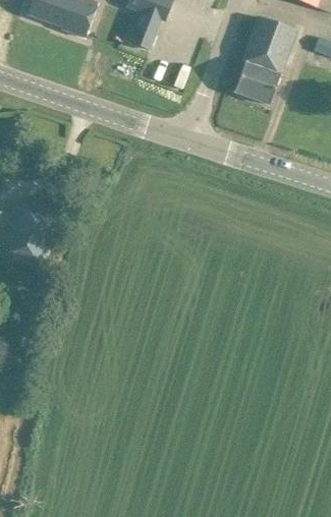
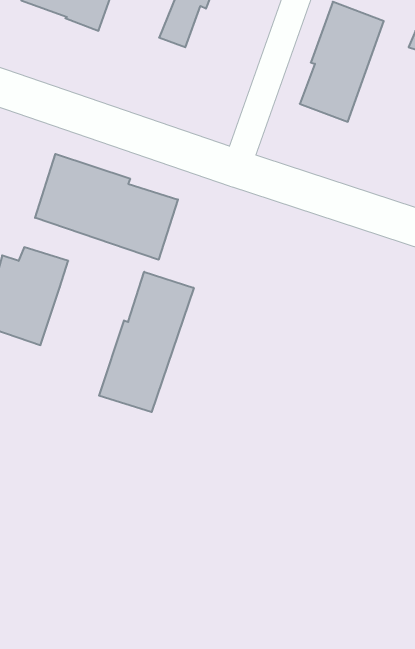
building: none -> [35,154,178,260]
building: none -> [99,272,194,412]

